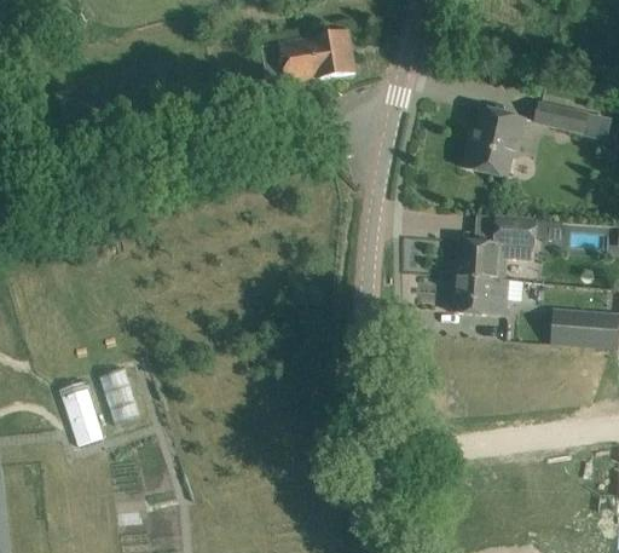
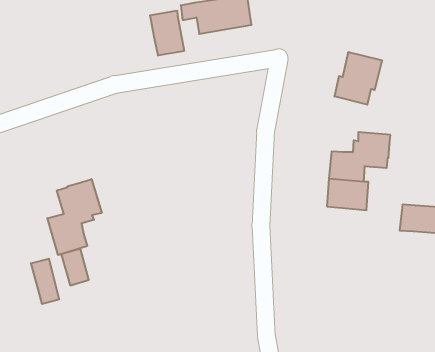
building: none -> [150,11,184,56]
building: [533,102,588,132] -> none
building: none -> [47,179,102,255]

